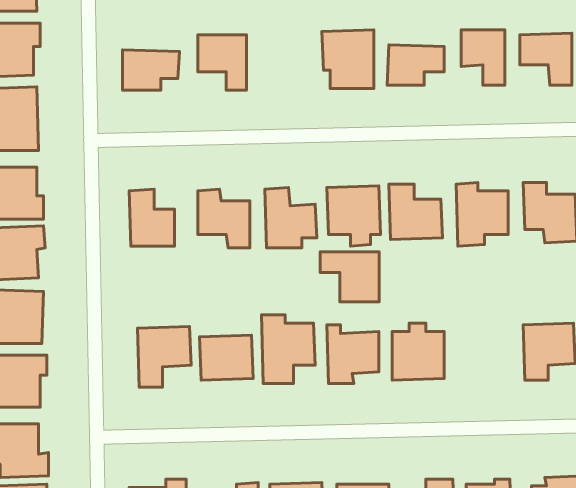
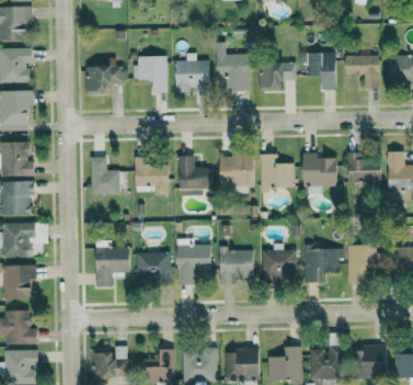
building: none -> [175,53,209,92]
building: [320,252,379,302] -> none
building: none -> [305,247,343,283]

